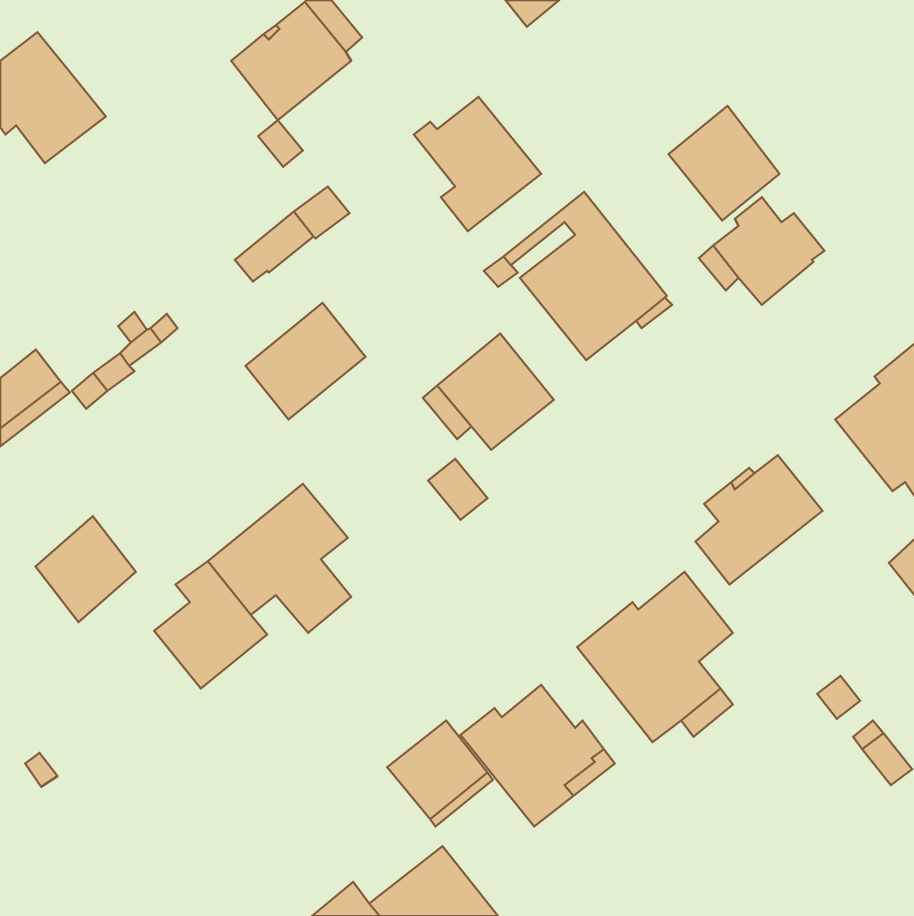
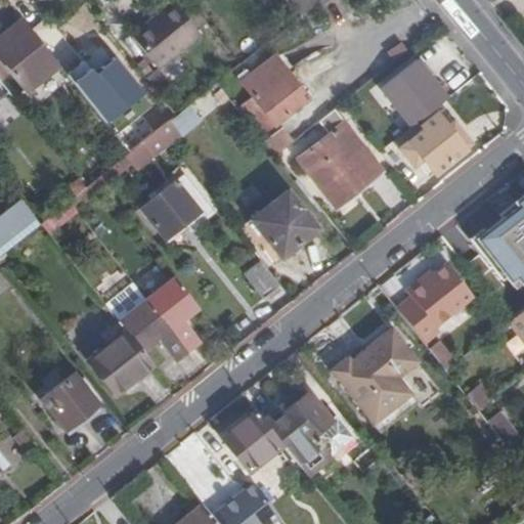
building: none -> [69,58,143,123]
building: [35,516,136,622] -> [41,370,98,431]

